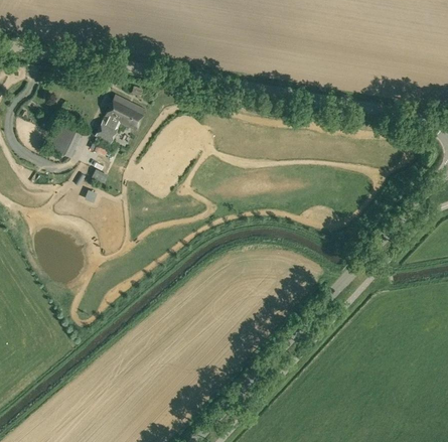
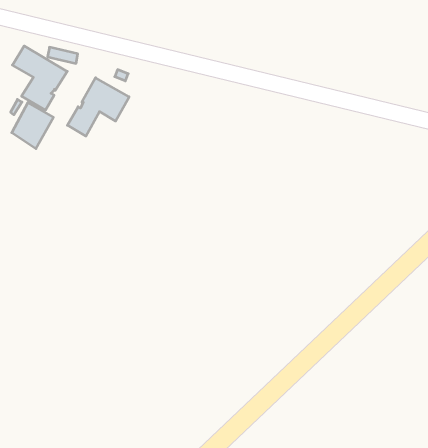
building: none -> [12,46,67,110]

